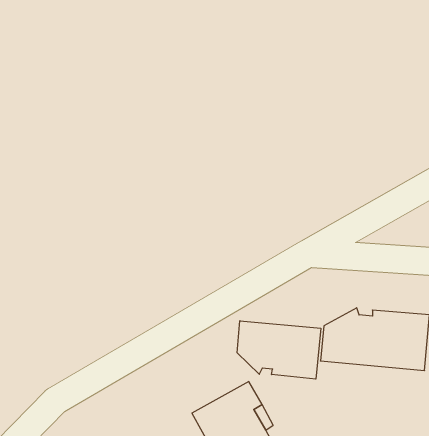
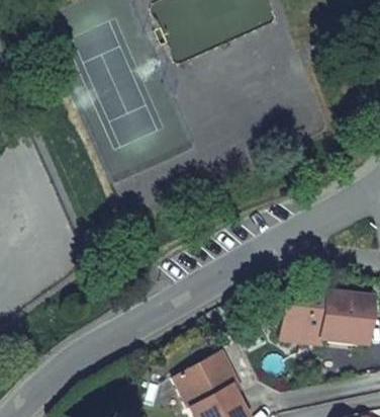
building: [237,321,321,379] -> none

